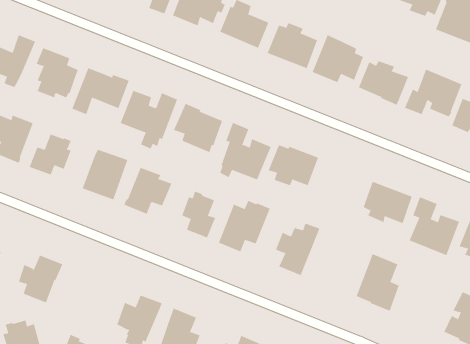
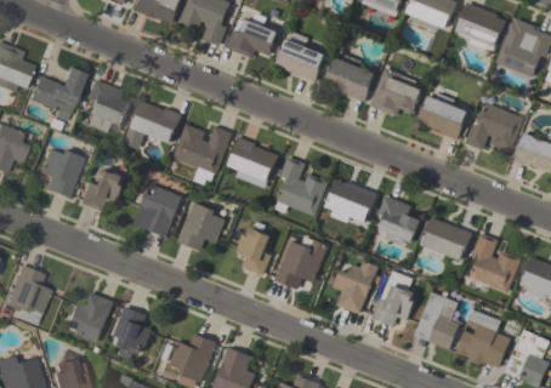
building: none -> [377,194,421,245]
building: none -> [370,270,414,326]
building: none -> [113,306,152,361]
building: none -> [455,309,510,369]

